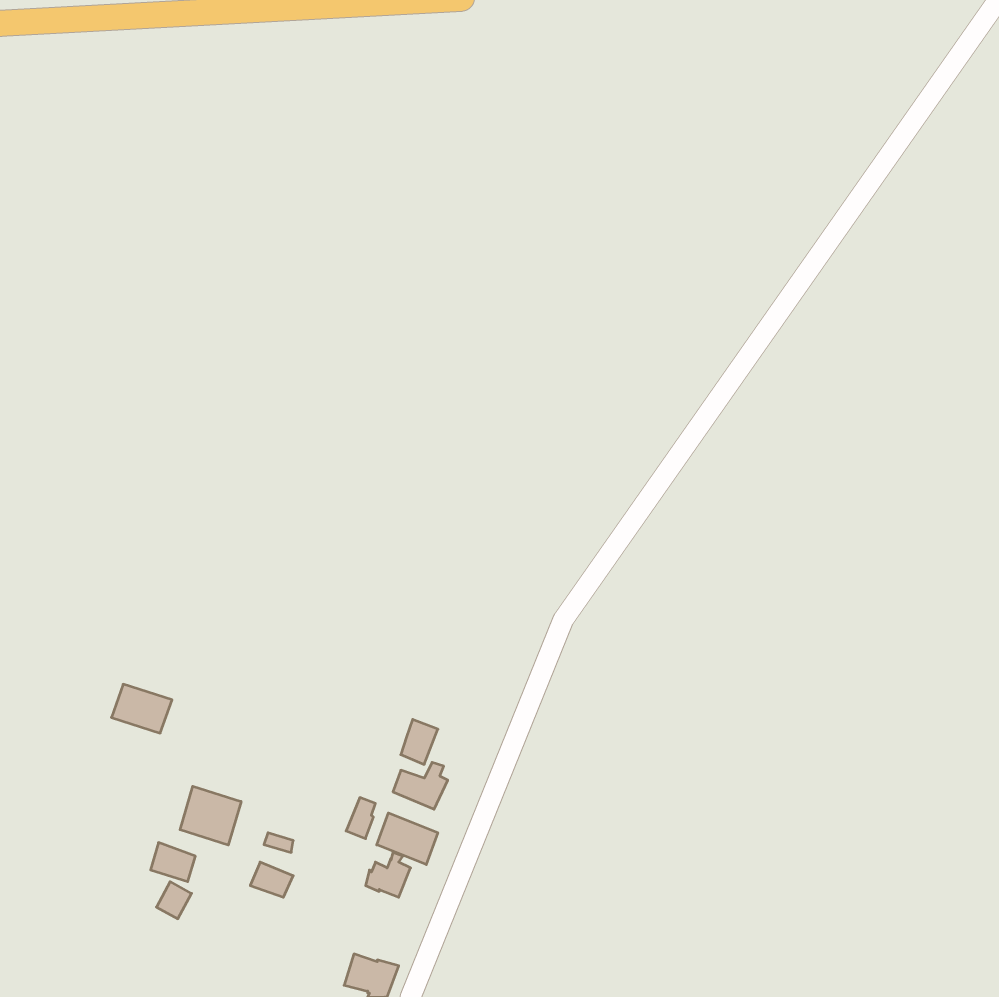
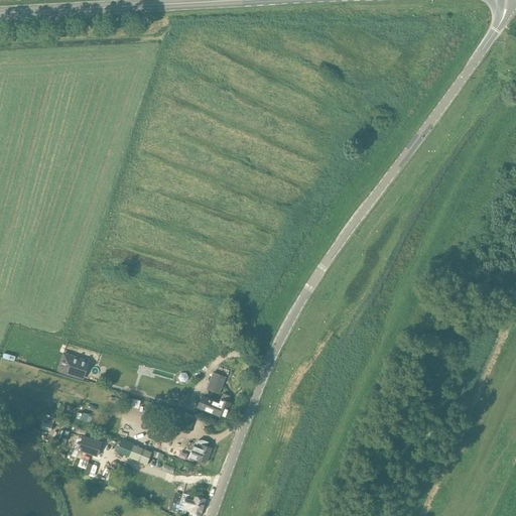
building: [180,786,241,845] -> none
building: [377,813,438,865] -> none

